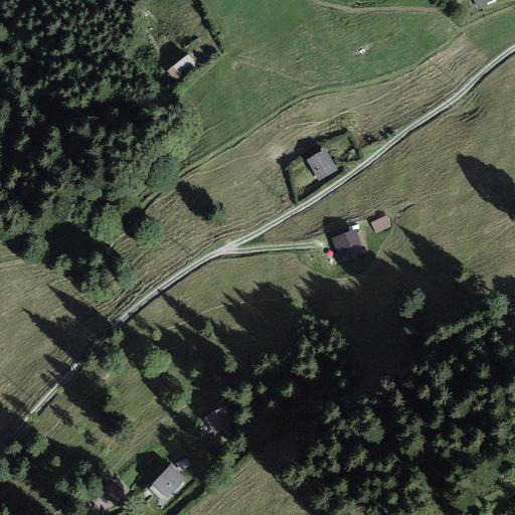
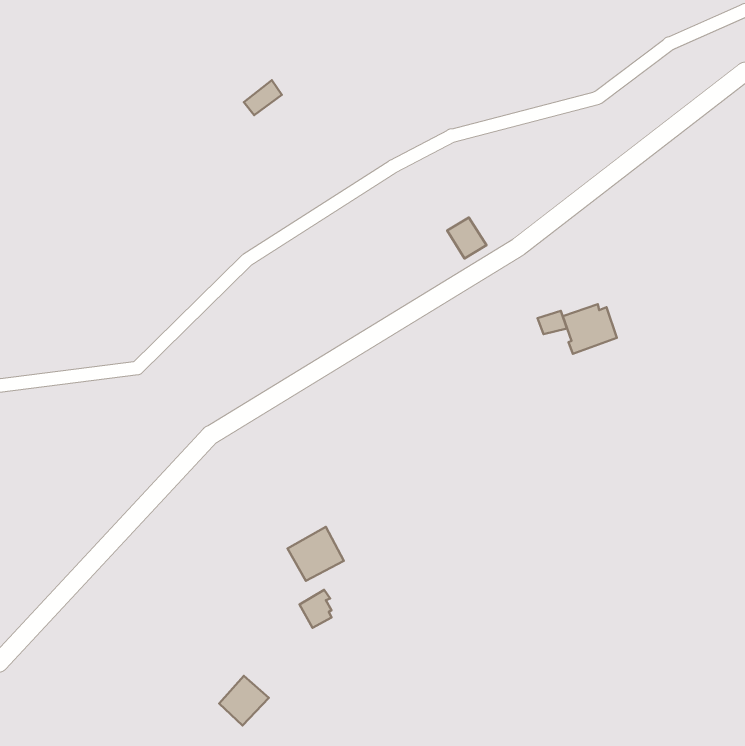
building: [331,229,368,264] -> [563,304,617,354]
building: none -> [288,527,344,581]

